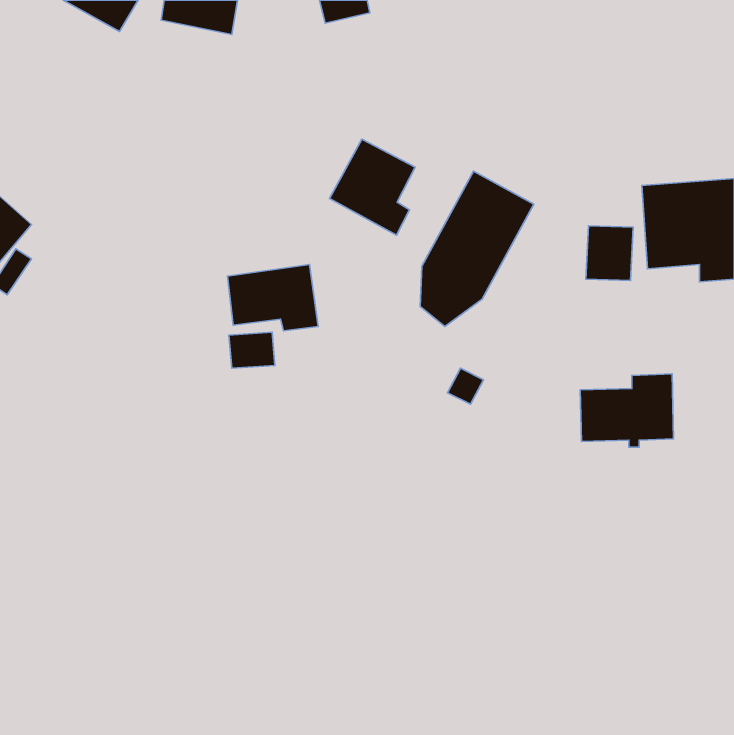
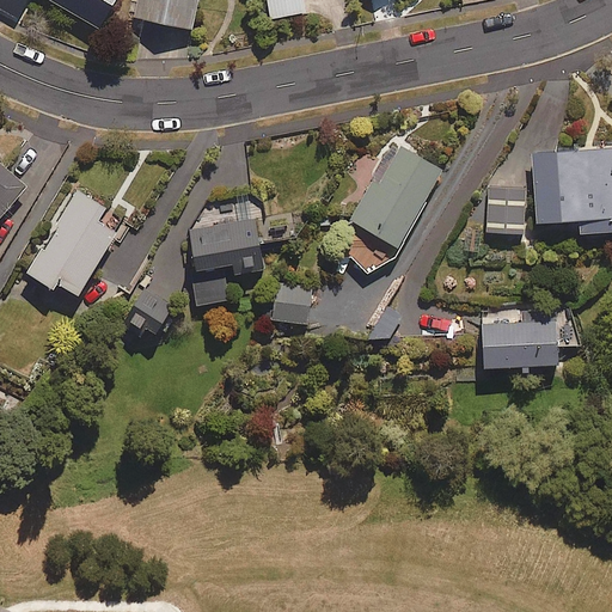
building: [329,139,415,235] -> none
building: none -> [26,189,117,298]
building: none -> [274,283,312,324]
building: none -> [123,289,172,335]

